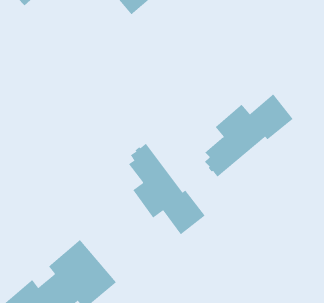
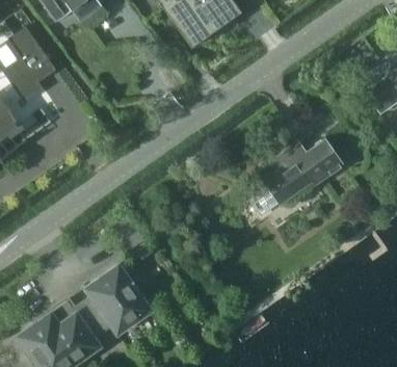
building: [128,143,206,235] -> none

